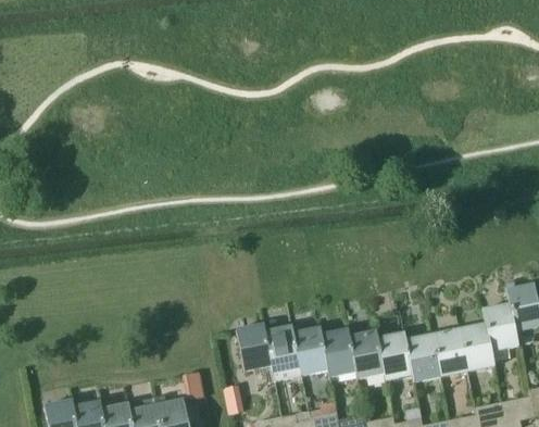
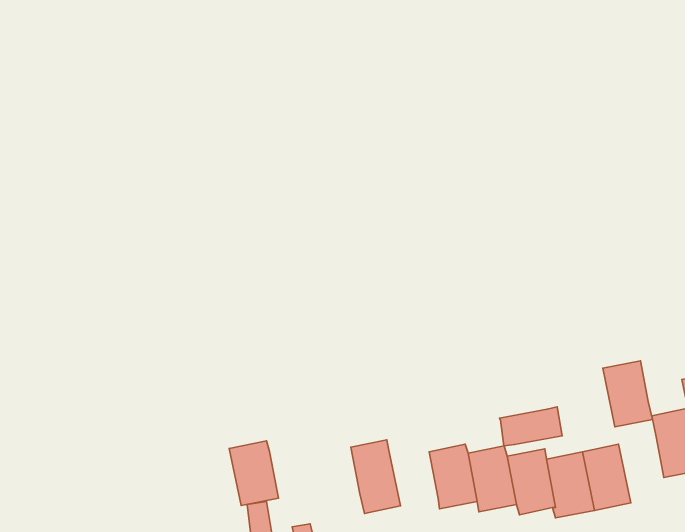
building: none -> [499,407,562,446]
building: [236,324,272,371] -> [229,441,279,506]
building: [459,324,494,372] -> [603,361,653,427]
building: [292,327,328,374] -> none

